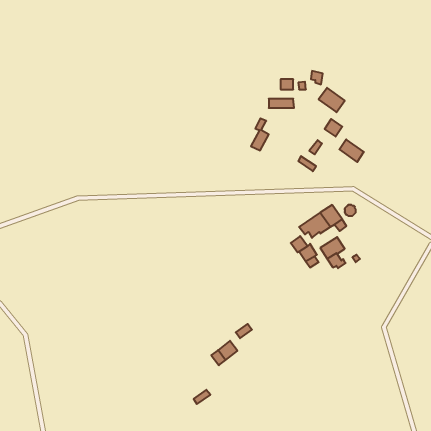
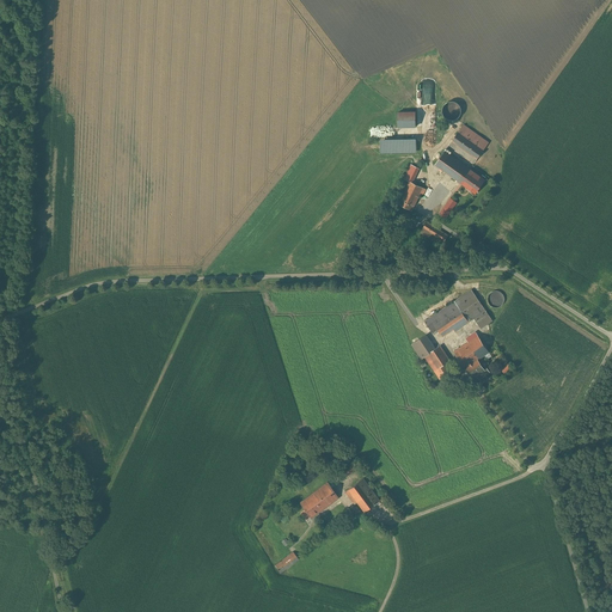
building: [251,118,269,150] -> [397,165,422,210]
building: [339,139,364,162] -> [434,151,469,183]
building: none -> [344,478,378,512]

